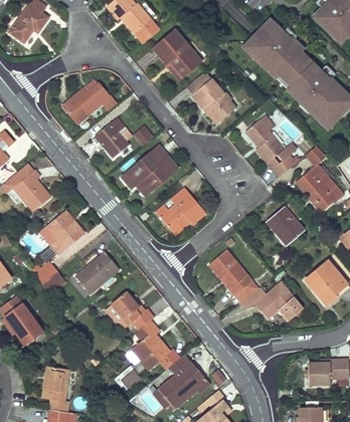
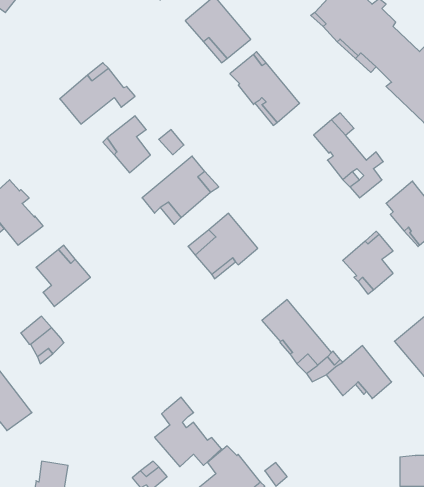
building: [76,252,120,294] -> none
building: [107,291,155,331] -> none

